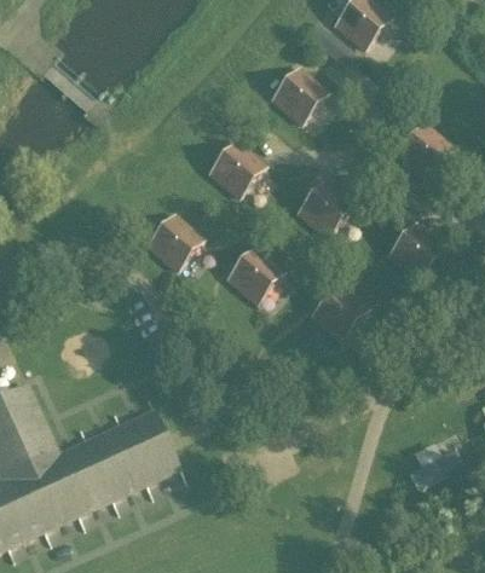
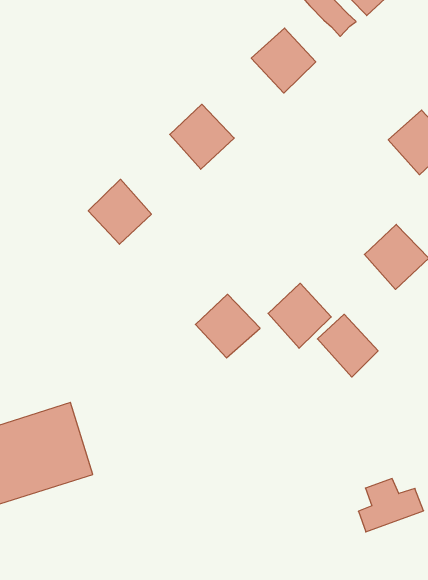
building: [296,181,351,237] -> none
building: [226,248,282,302] -> [195,294,260,358]
building: none -> [317,314,378,377]

